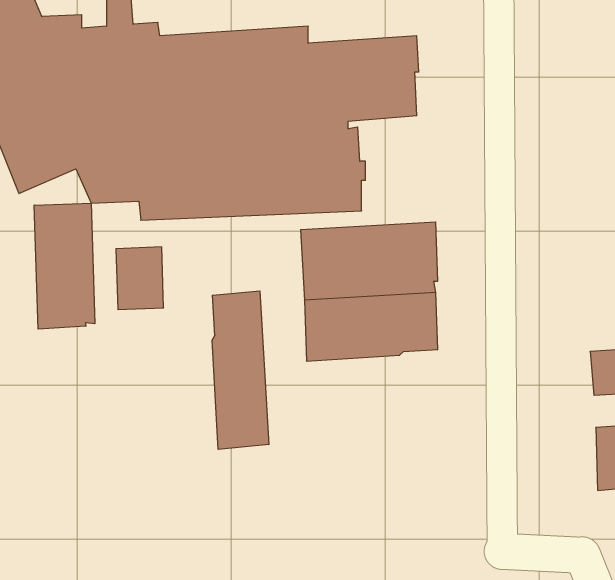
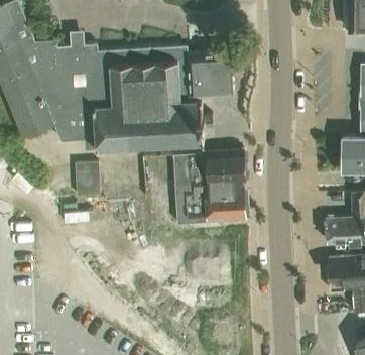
building: [34,203,95,329] -> none
building: [212,291,269,449] -> none

